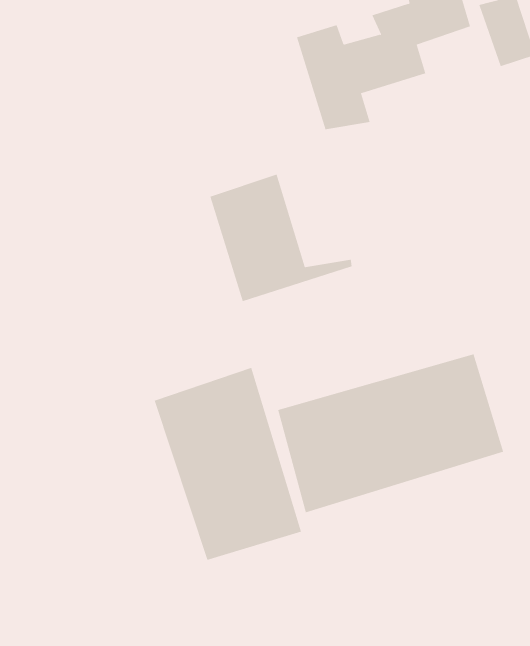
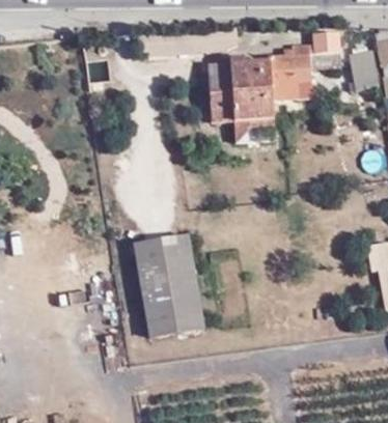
building: [209,174,353,302] -> [205,55,278,122]
building: [278,354,504,513] -> none

